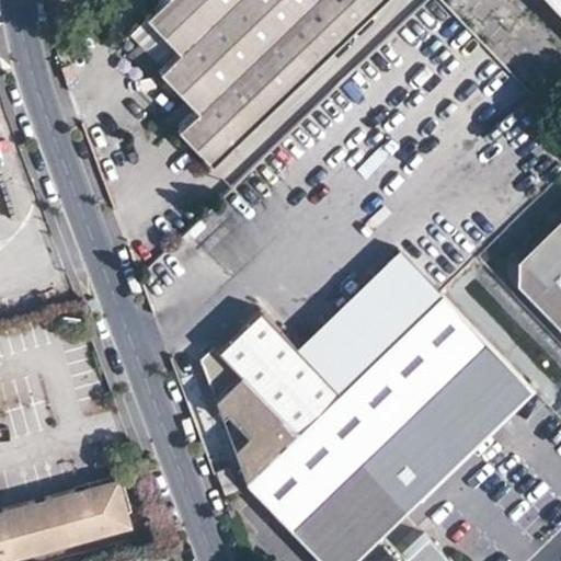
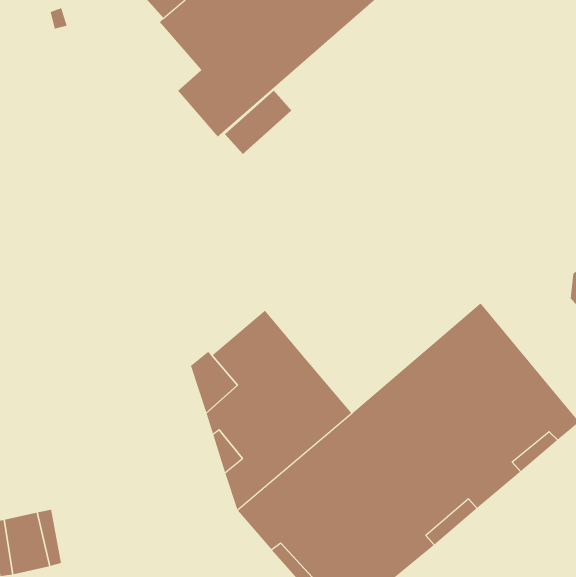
building: [298,252,443,394] -> none
building: [92,482,131,535] -> none

